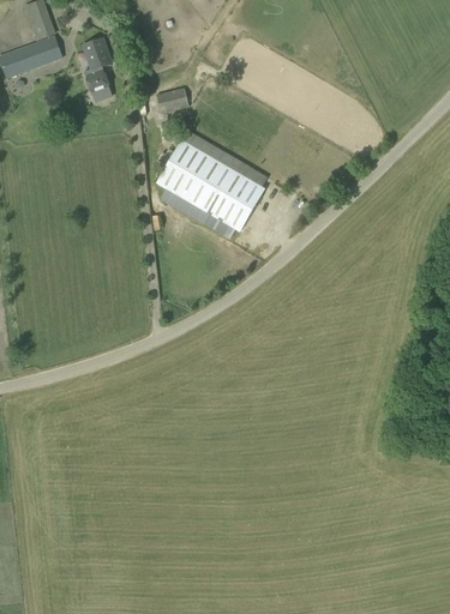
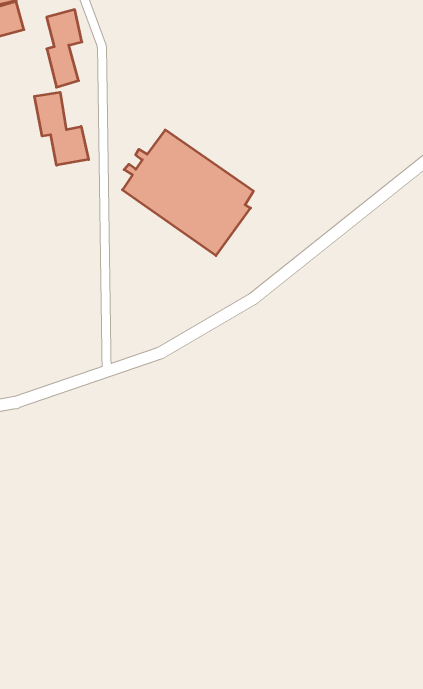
building: [155,89,187,115] -> none
building: none -> [34,92,89,165]

